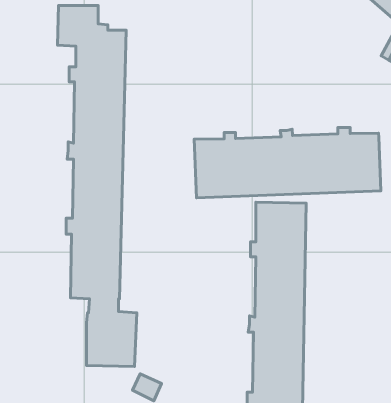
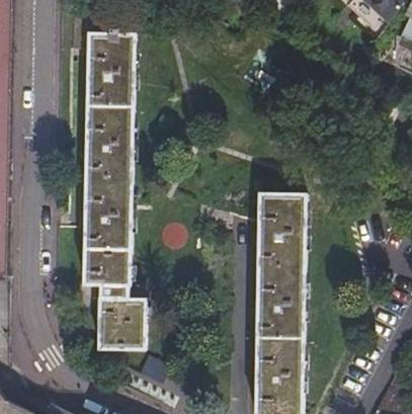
building: [194,127,381,198] -> none

